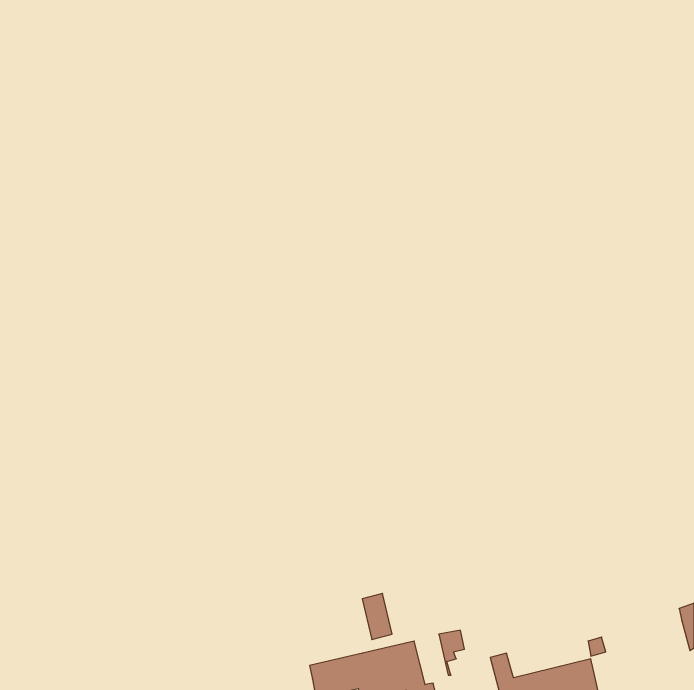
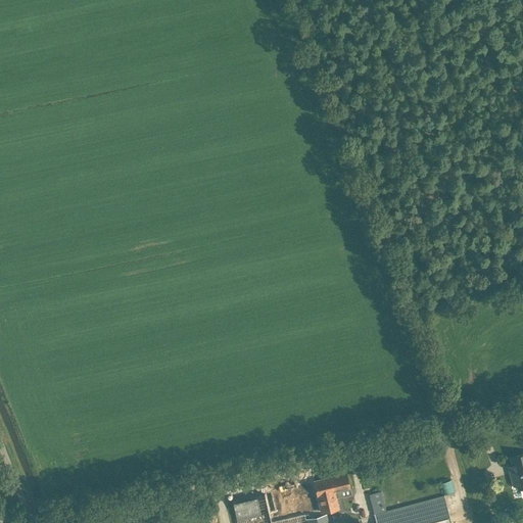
building: [362,593,392,640] -> [315,480,337,515]

